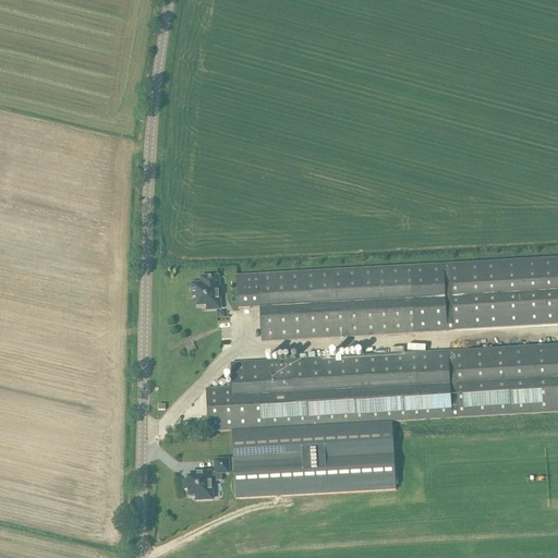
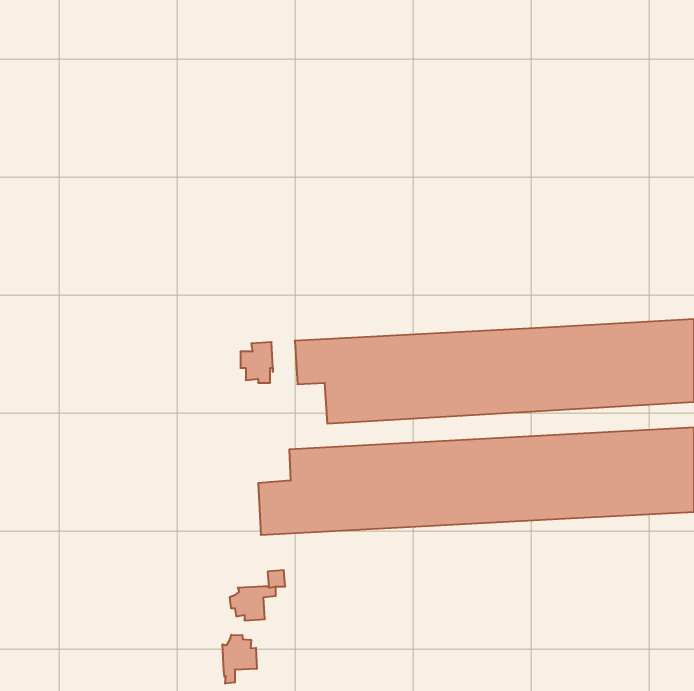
building: [232,421,396,497] -> none
building: none -> [223,635,257,684]

